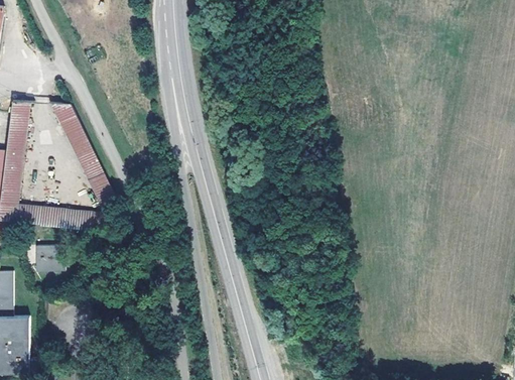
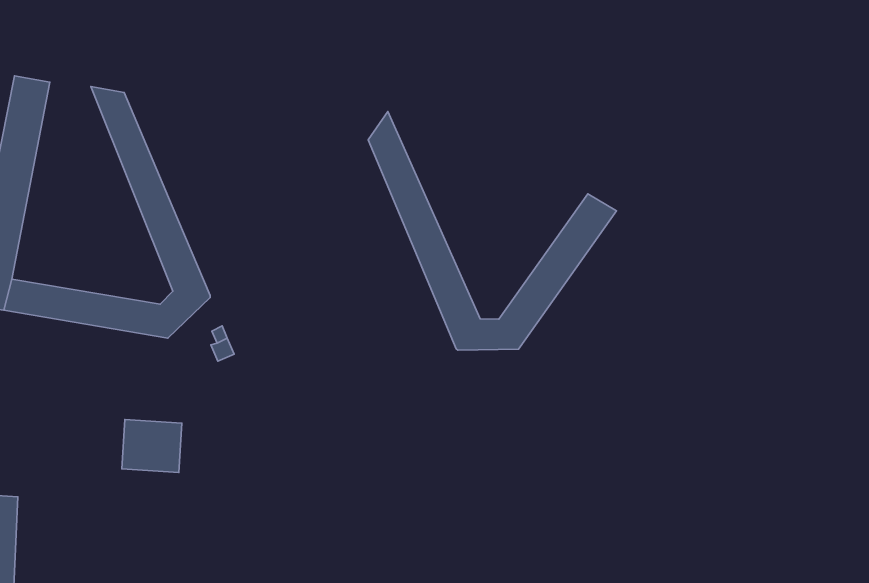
building: none -> [368,112,616,350]
building: [34,245,63,270] -> [122,420,182,472]

